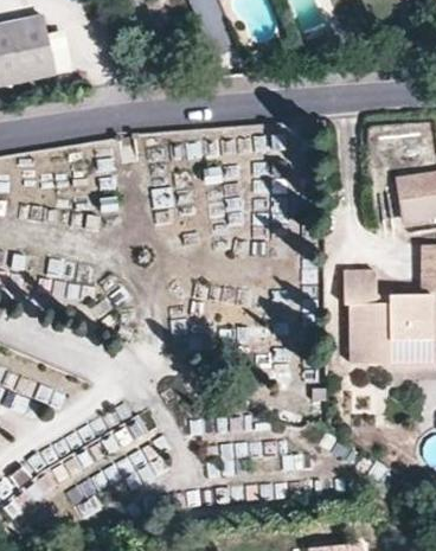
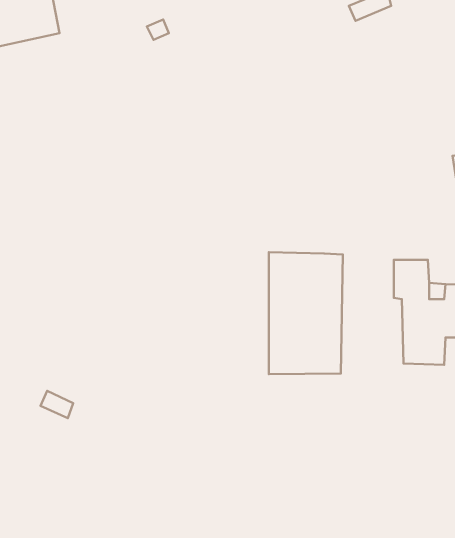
building: none -> [269,252,343,374]

